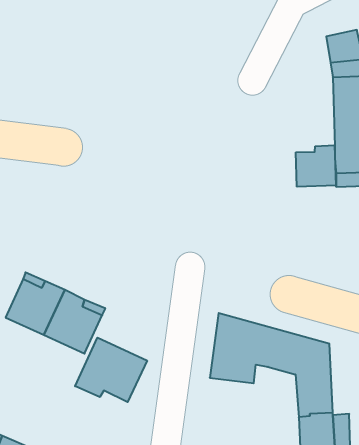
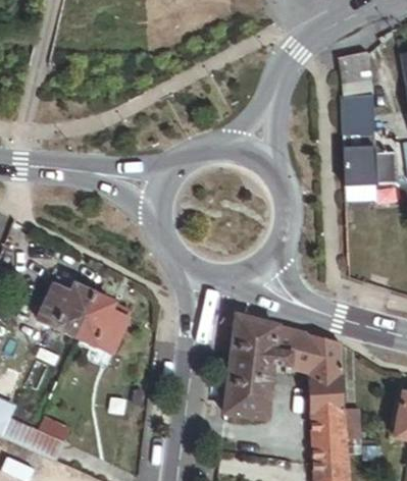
building: [296,145,336,187] -> none
building: [75,338,147,402] -> none
building: none -> [225,375,270,416]

